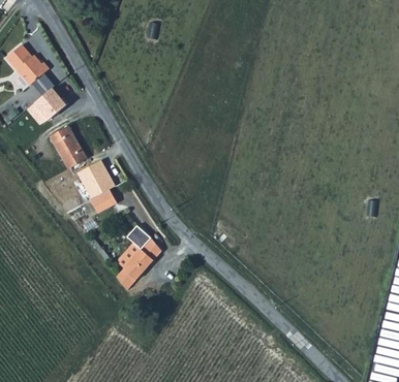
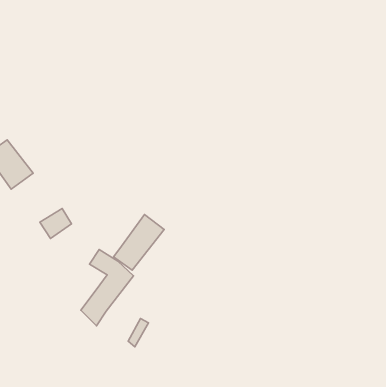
building: [75,161,112,198] -> none
building: none -> [113,215,164,270]

